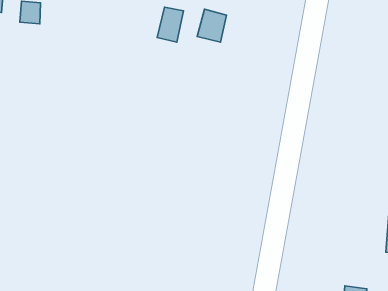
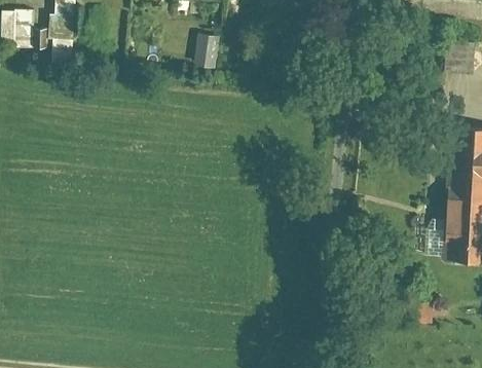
building: [197,9,227,42] -> none

